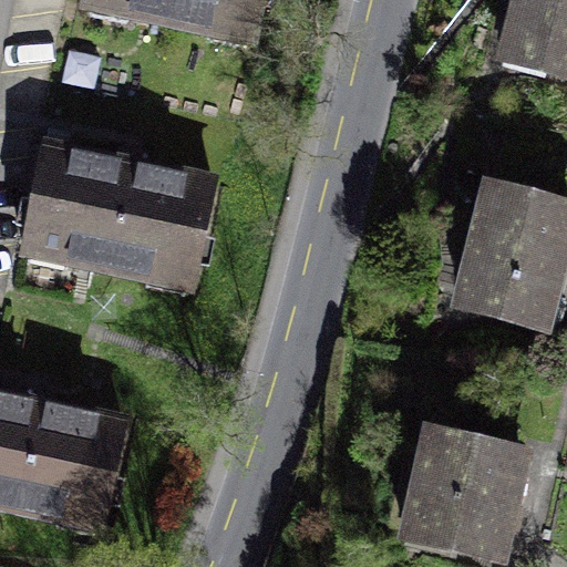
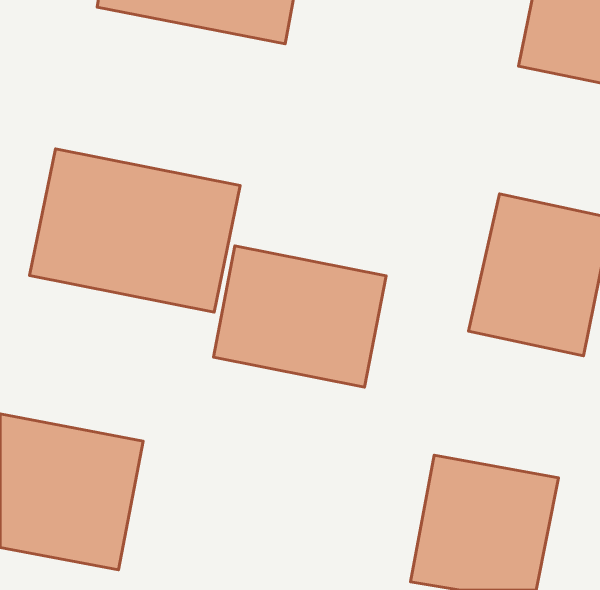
building: none -> [213,246,386,387]

